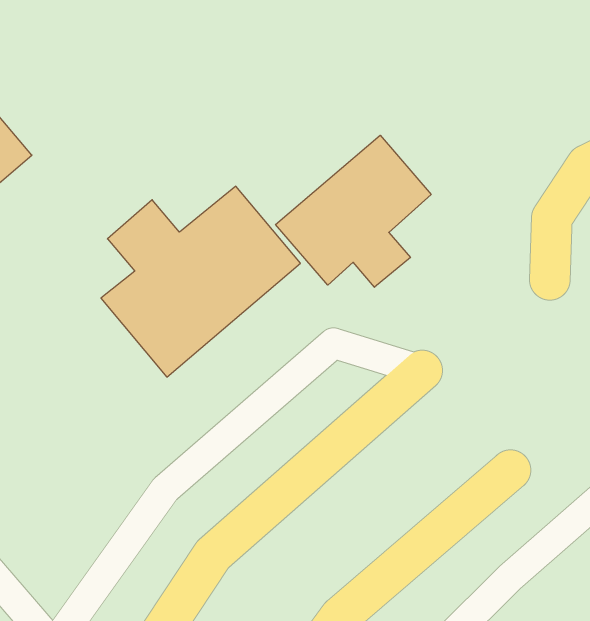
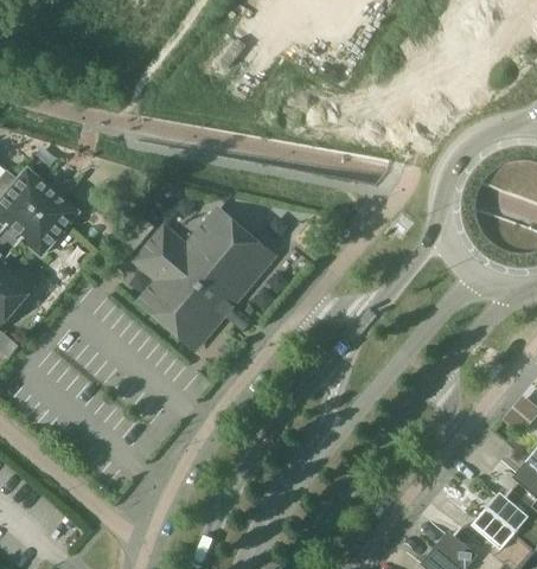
building: [276,135,431,287] -> none

